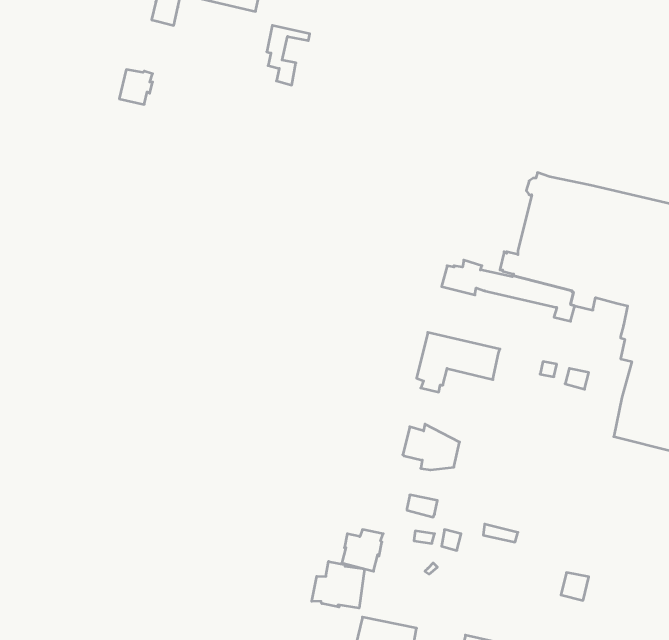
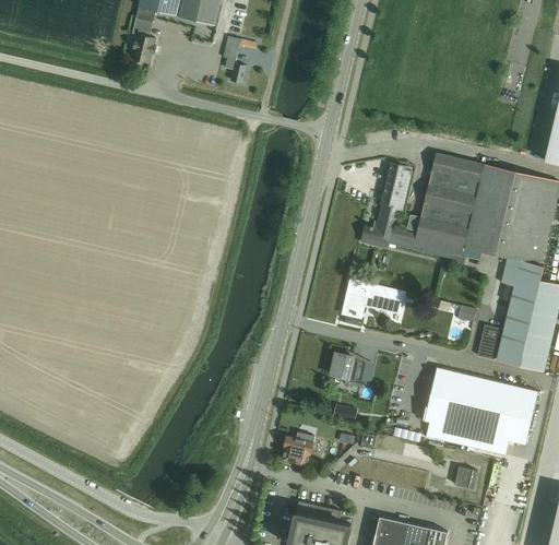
building: [119,70,153,104] -> [130,35,156,62]
building: none -> [378,162,412,225]
building: none -> [477,324,502,359]
building: none -> [427,372,534,453]
building: [312,561,364,608] -> none

